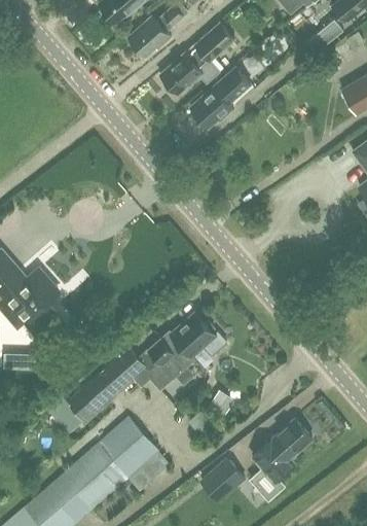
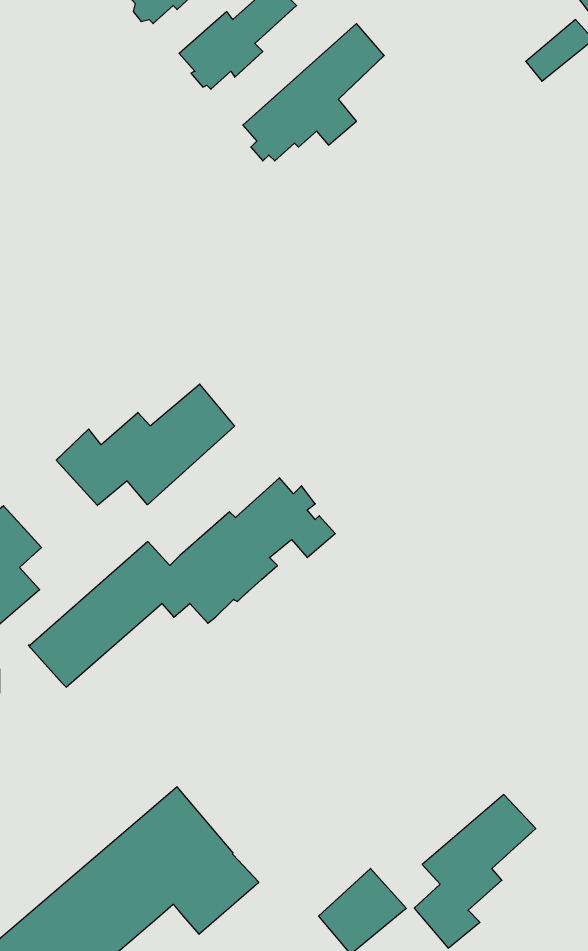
building: [191,67,250,127] -> none
building: none -> [56,384,234,506]
building: [66,315,224,423] -> [28,478,335,687]

